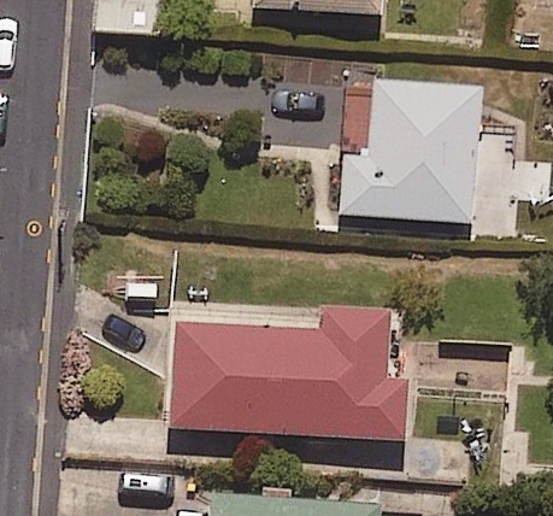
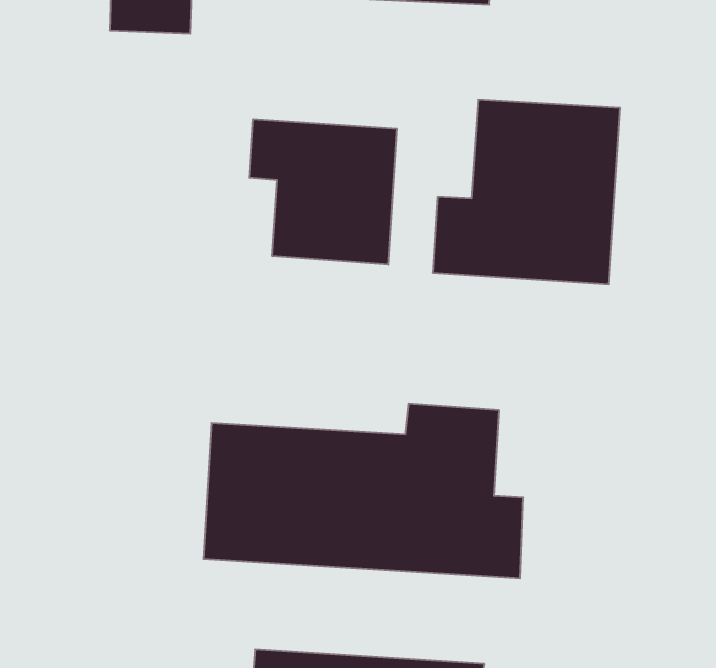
building: none -> [249,119,397,265]

